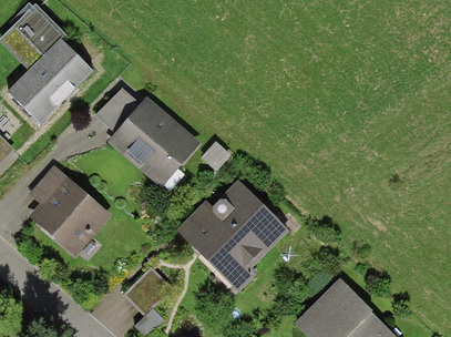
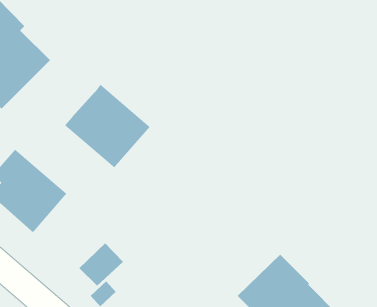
building: [96,85,141,131] -> none
building: [176,181,287,290] -> none

